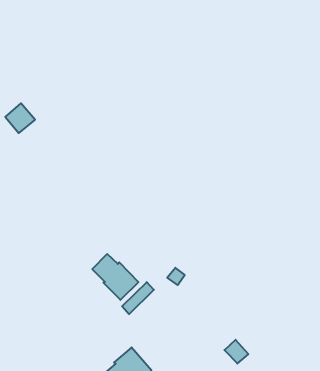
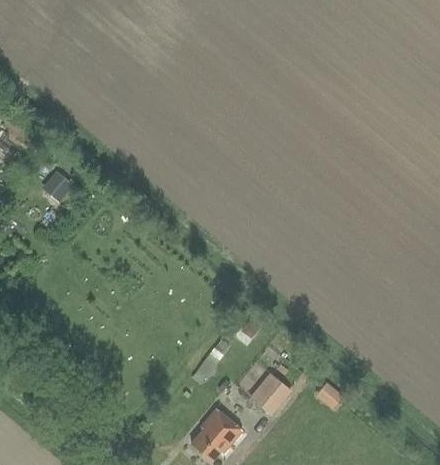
building: [92,254,138,300] -> none
building: none -> [247,372,290,415]

